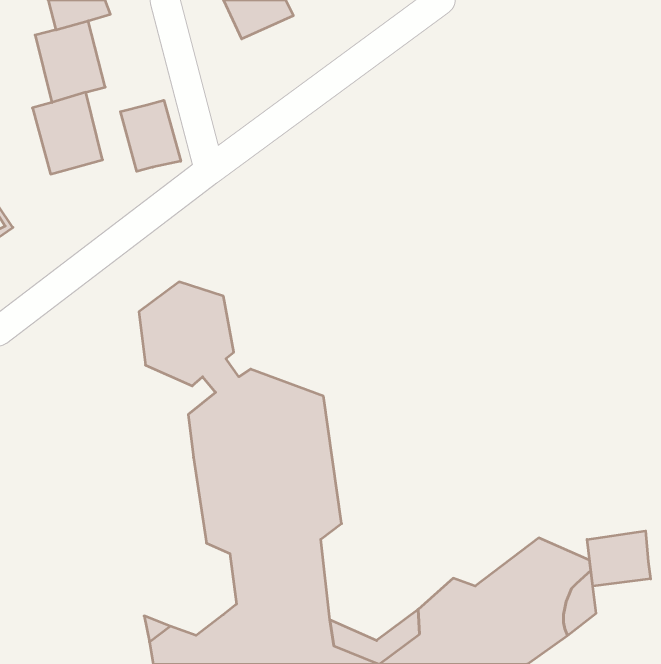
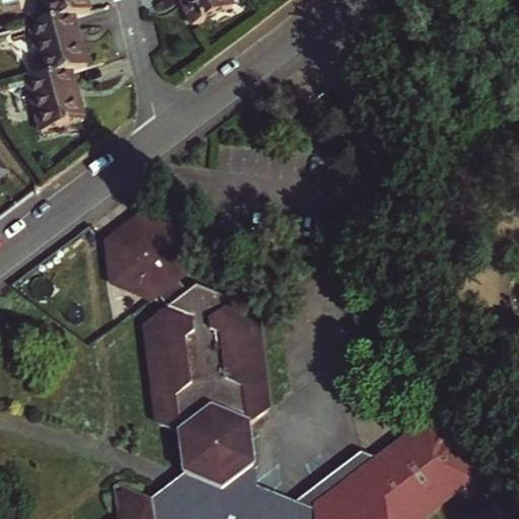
building: [120,100,181,171] -> none
building: [587,531,651,586] -> none

